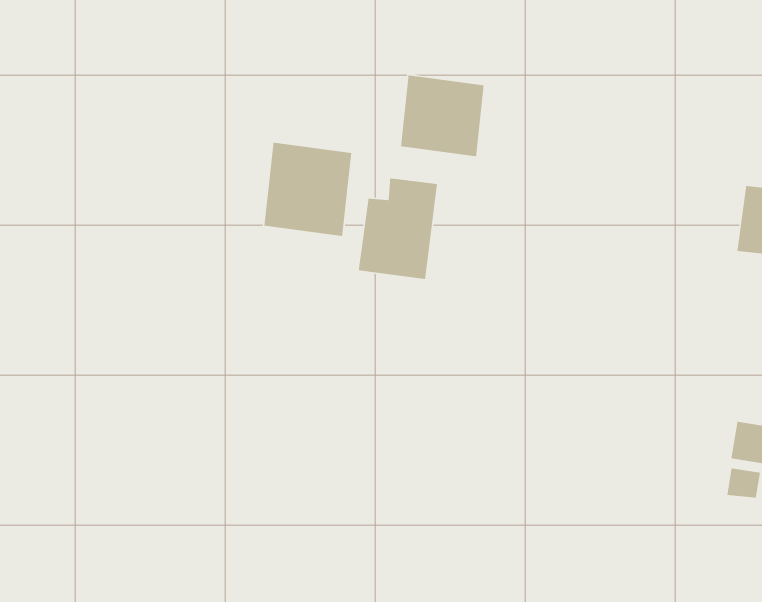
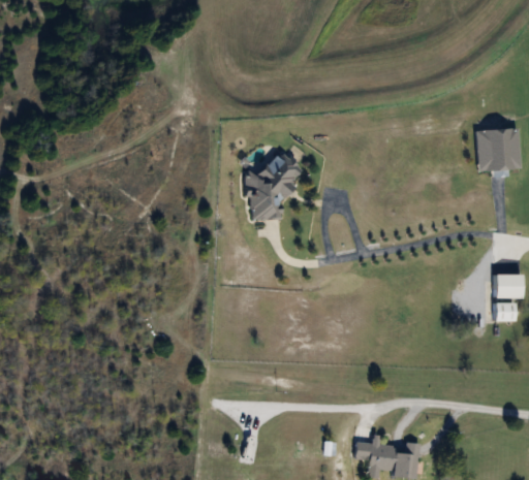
building: [400,75,485,157] -> none
building: [263,142,352,237] -> none

